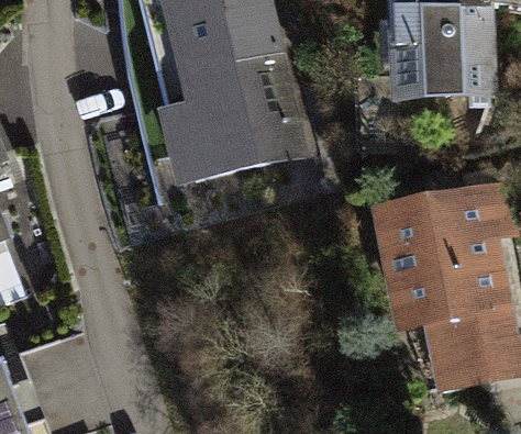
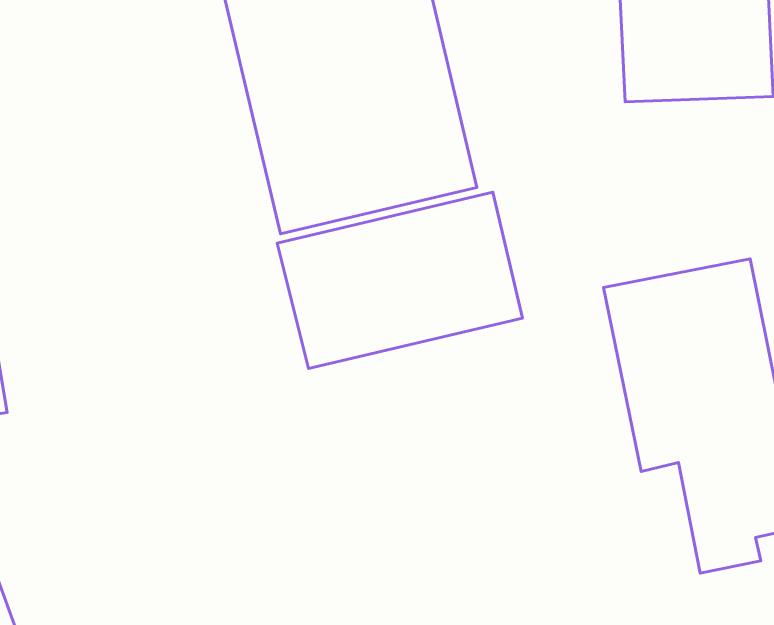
building: none -> [277,192,523,368]

